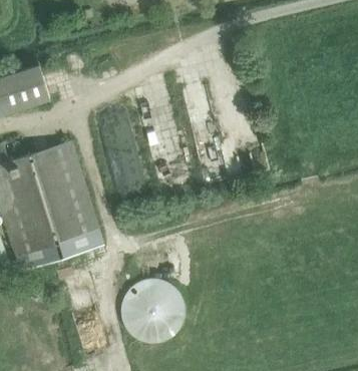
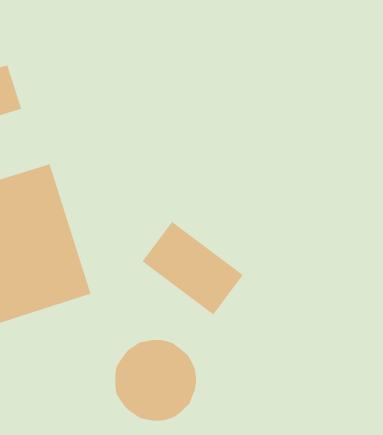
building: none -> [142,221,244,315]

